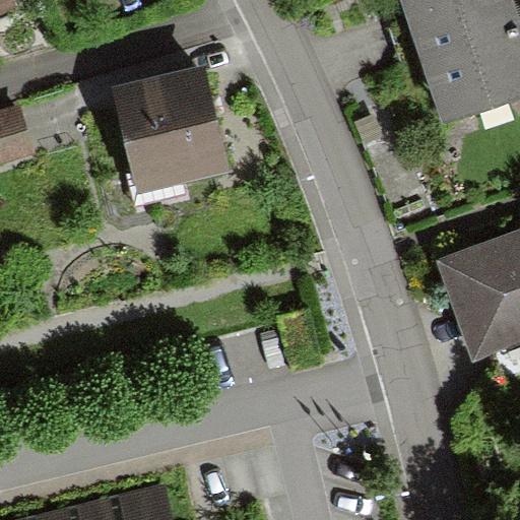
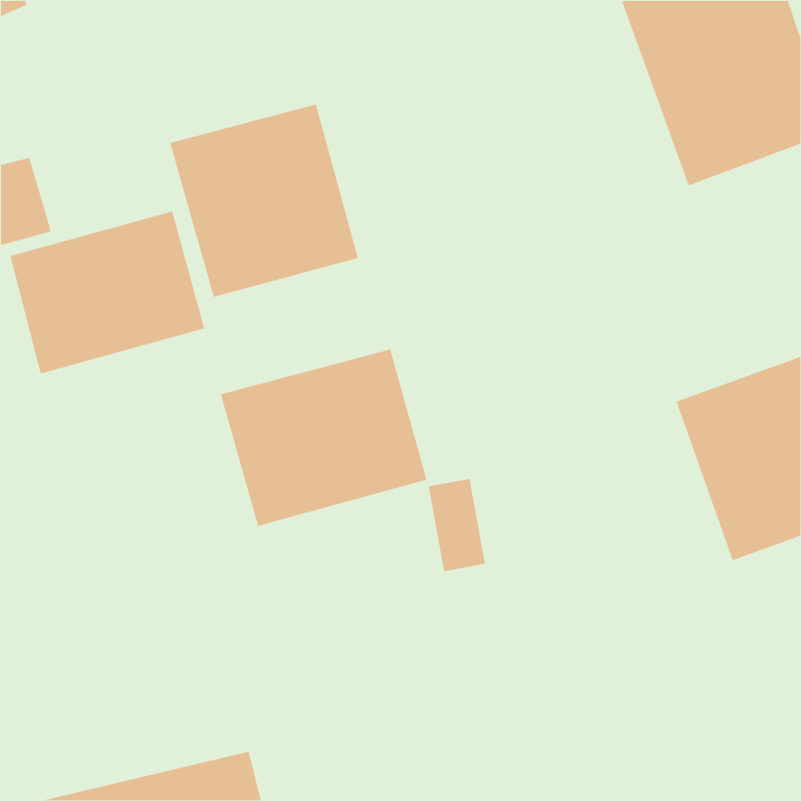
building: none -> [10,211,205,374]
building: none -> [220,349,428,527]

